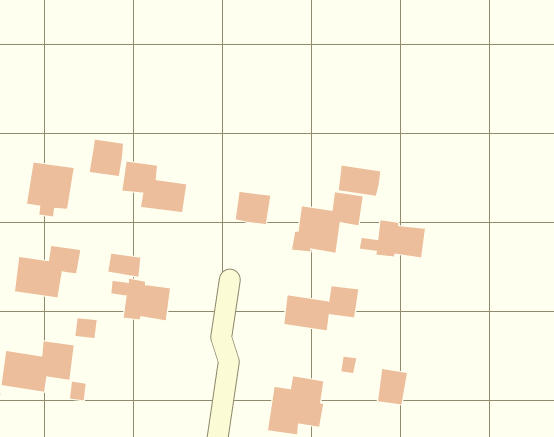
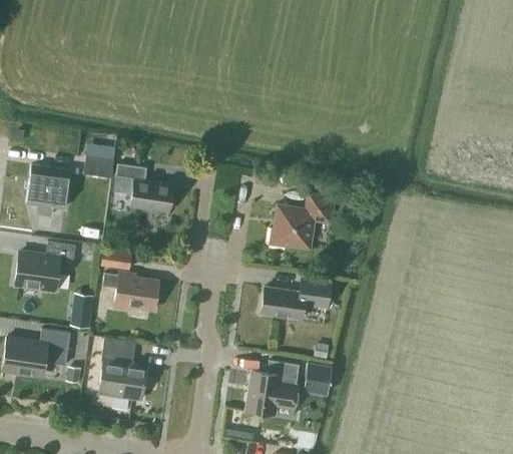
building: [338,165,381,197] -> none
building: [235,191,271,225] -> none
building: [359,219,426,258] -> none
building: none -> [99,338,146,399]
building: [377,369,408,405] -> [304,362,332,395]

